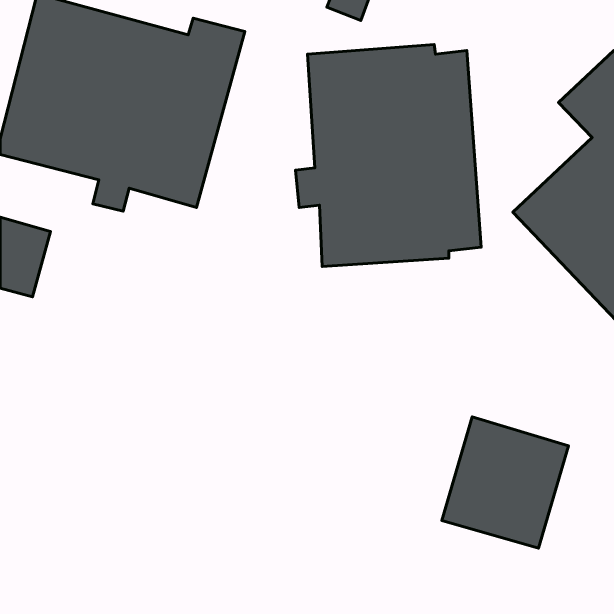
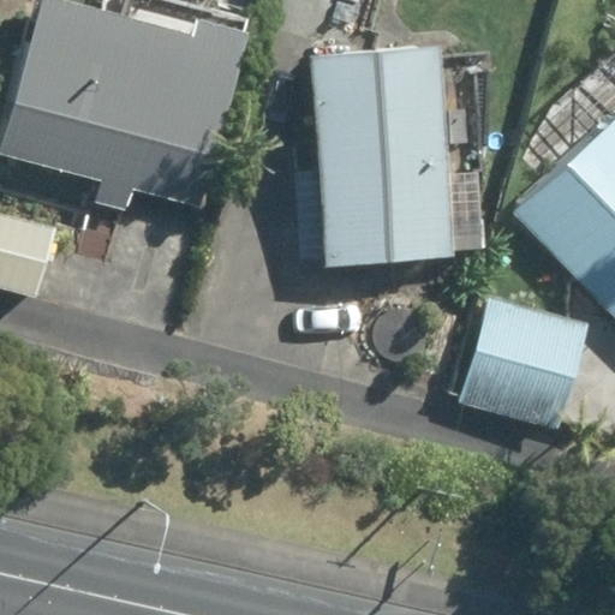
building: [442,417,569,548] -> [459,298,585,429]

